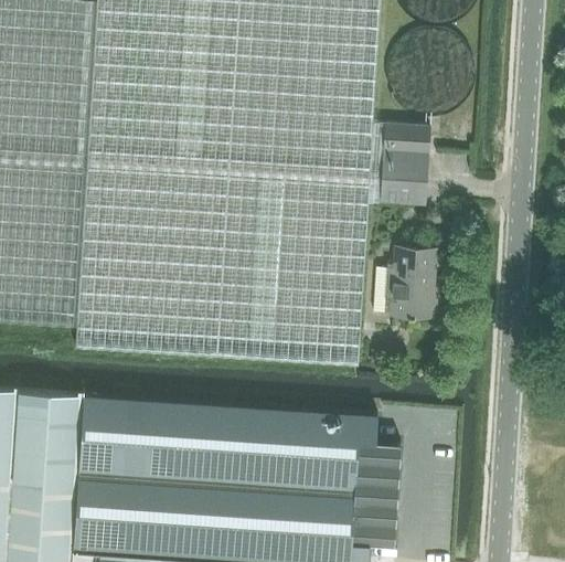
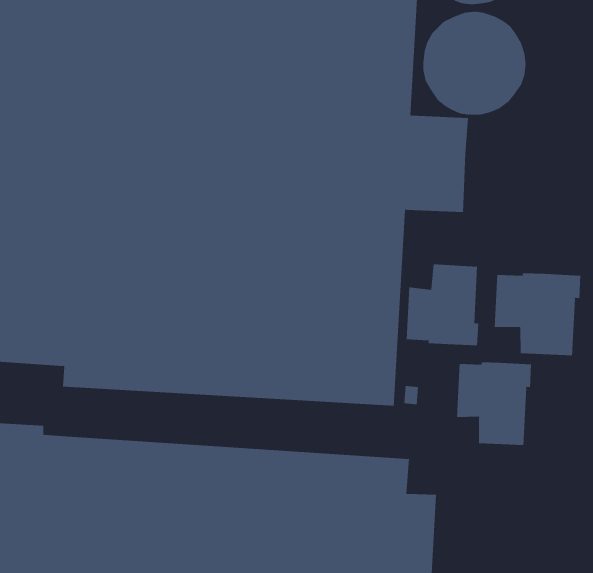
building: none -> [494,272,581,356]
building: none -> [457,362,532,446]

